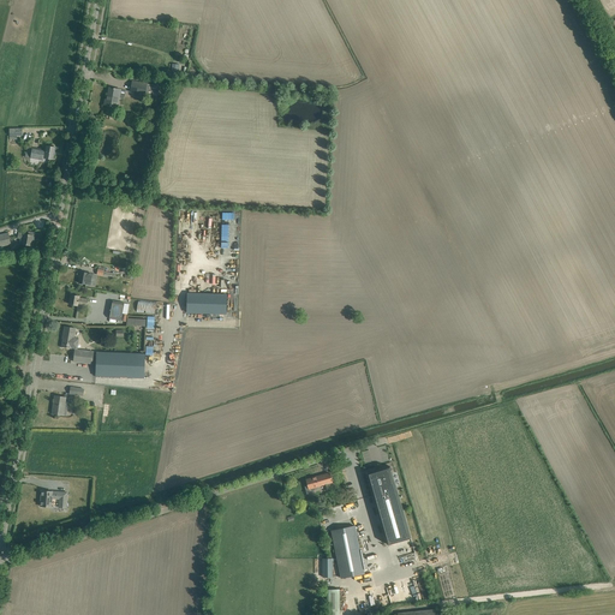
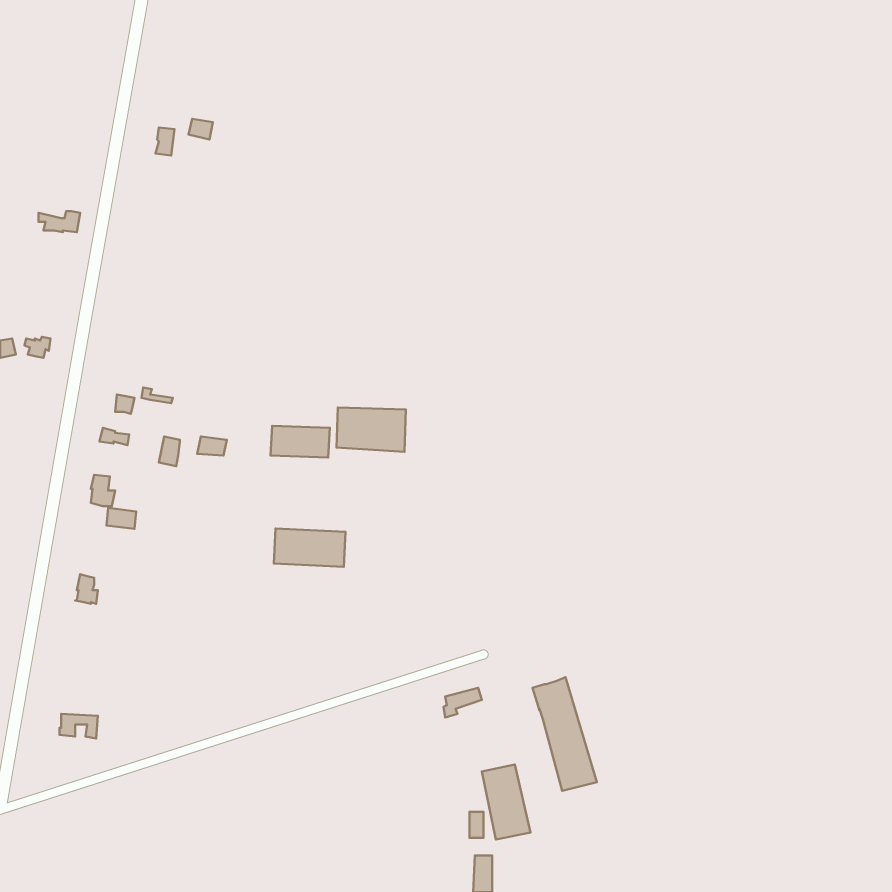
building: none -> [337,407,406,452]
building: [96,352,145,378] -> [274,528,345,567]

